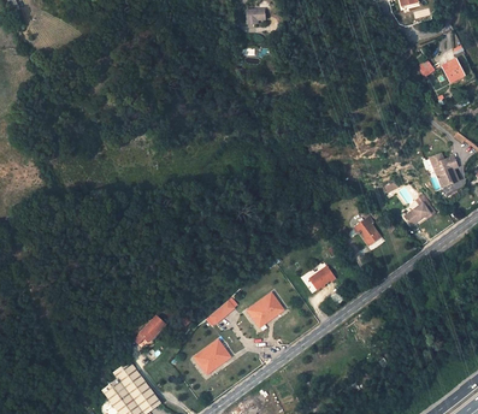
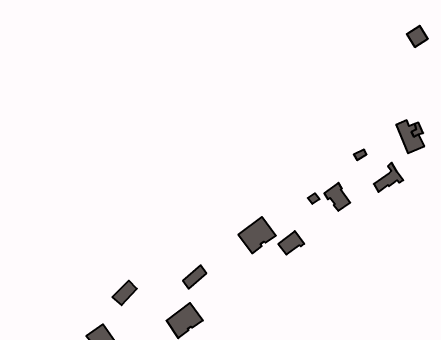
building: [246,292,284,330] -> [238,217,276,253]

